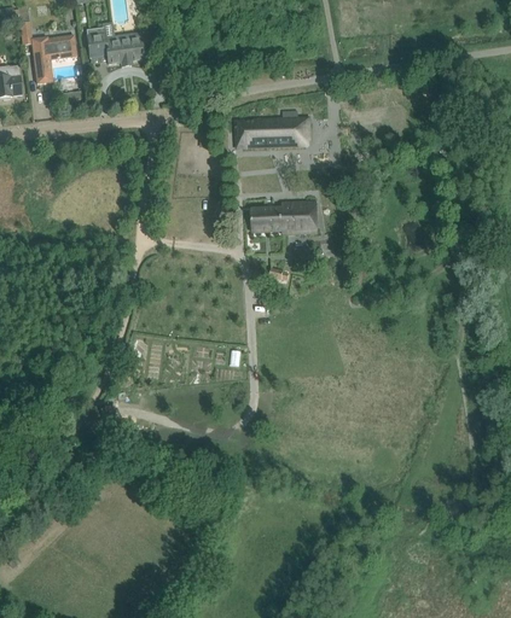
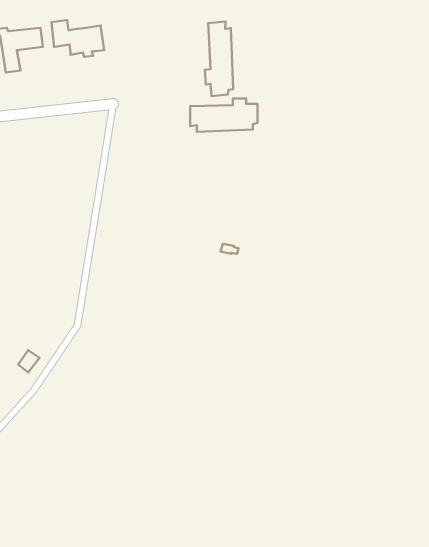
building: none -> [205,21,233,96]
building: [251,202,317,234] -> none

